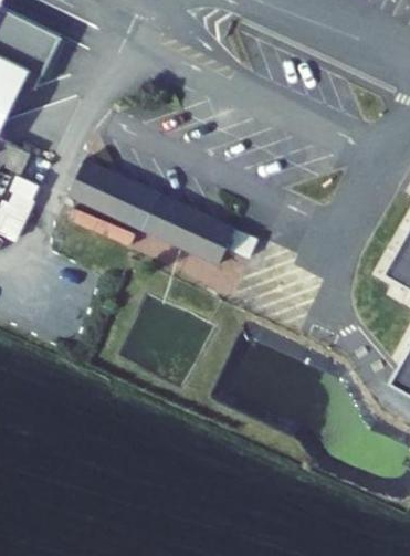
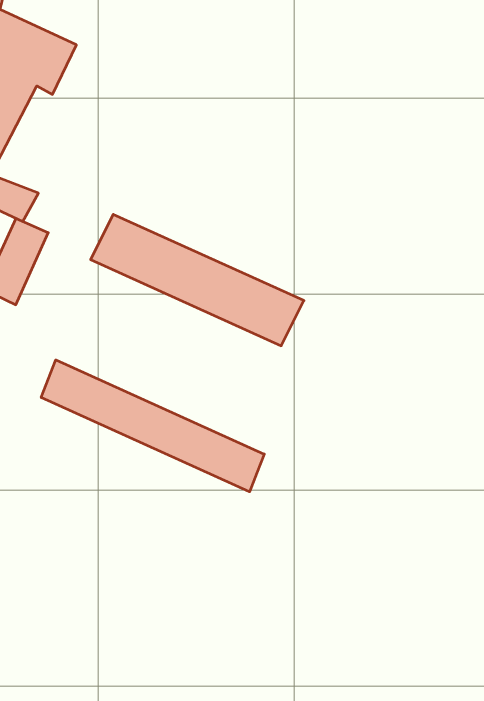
building: none -> [41,360,264,492]

